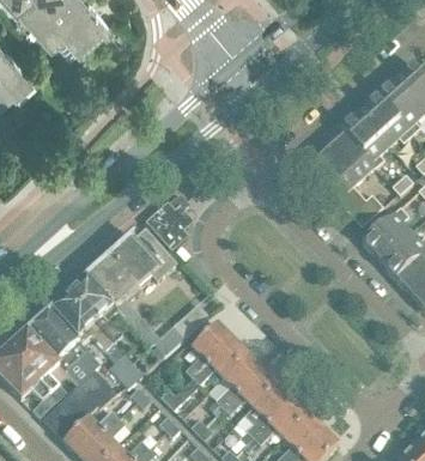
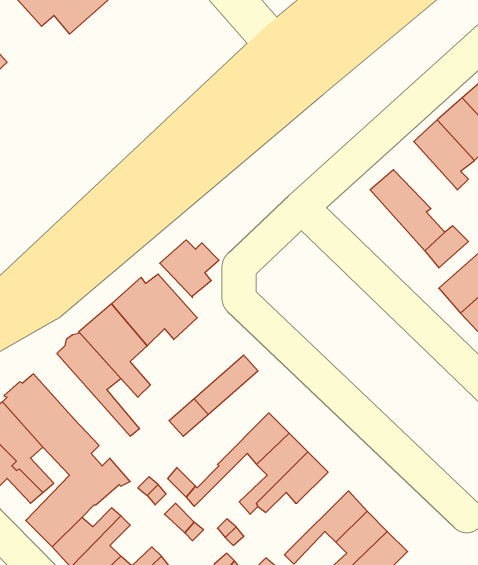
building: [327,129,376,181] -> none
building: [50,292,144,390] -> none
building: [178,322,231,377] -> none
building: [238,383,292,444] -> none

